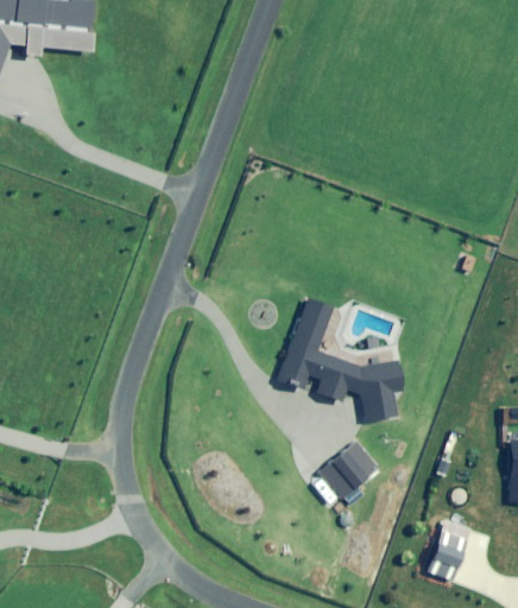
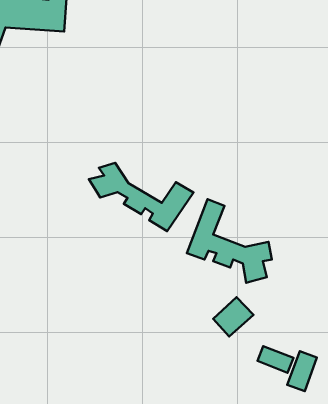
building: none -> [89,163,193,231]
building: none -> [258,346,293,373]

